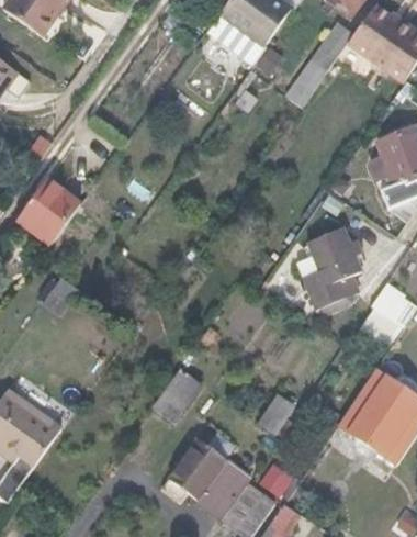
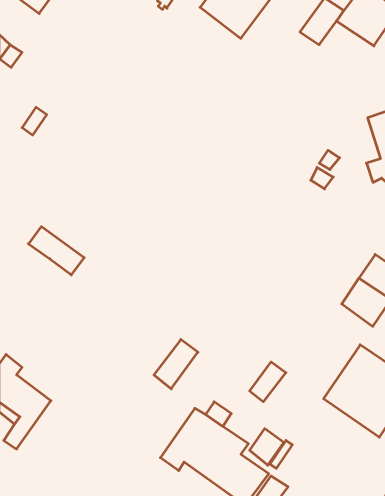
building: [284,54,330,104] -> none
building: [20,174,84,242] -> none
building: [295,228,360,307] -> none

